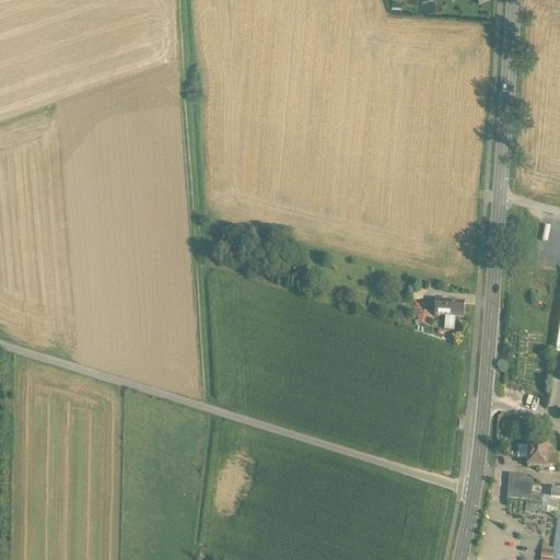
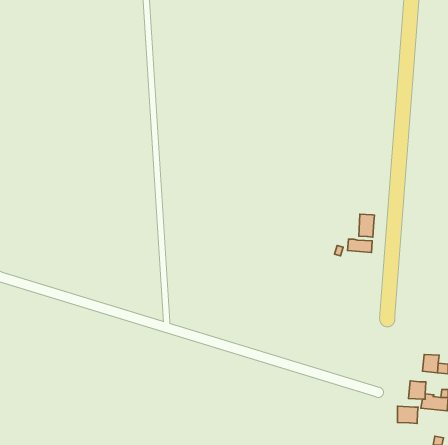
building: none -> [359,214,375,237]
building: none -> [397,406,418,424]

